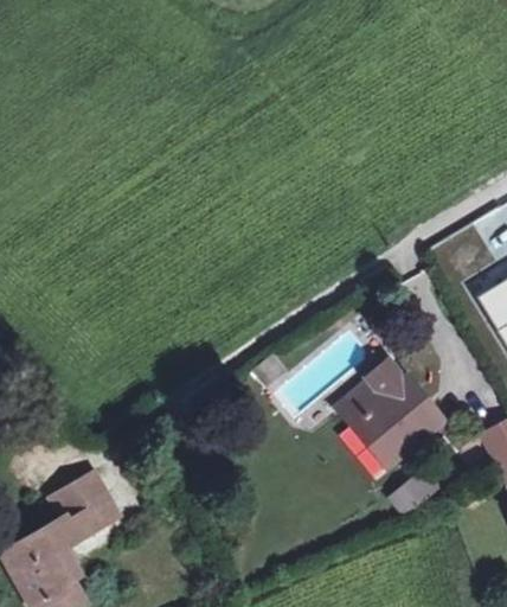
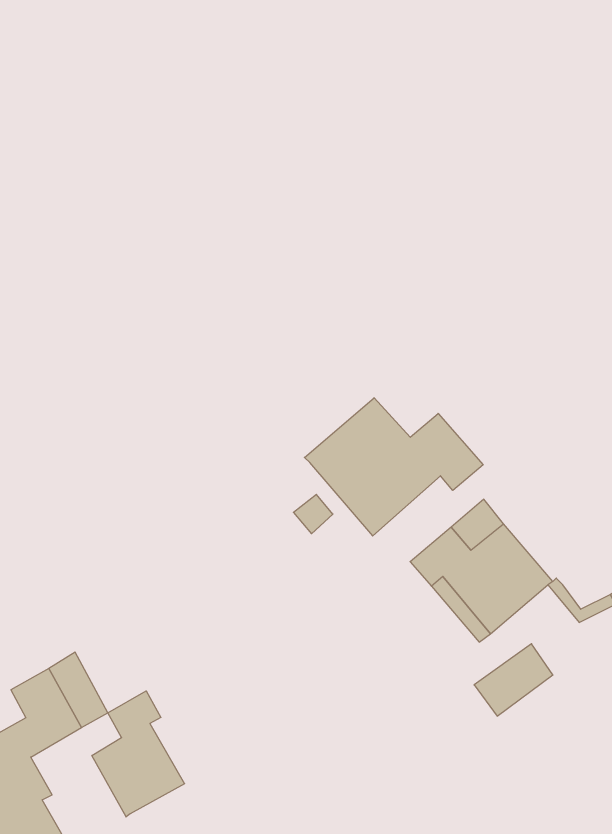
building: none -> [304,398,483,536]
building: none -> [92,691,185,817]

